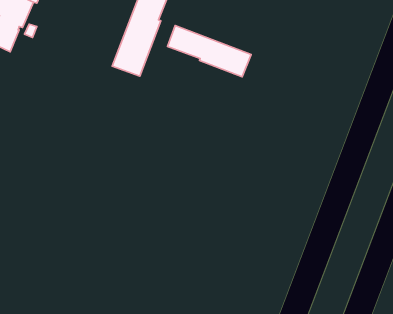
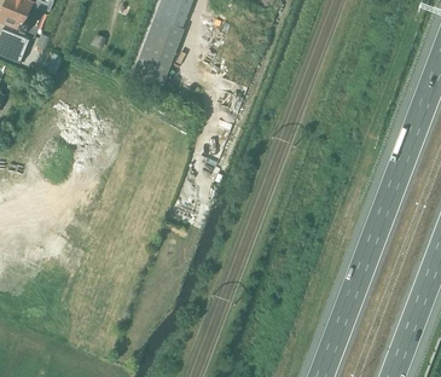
building: [167,26,251,77] -> none

